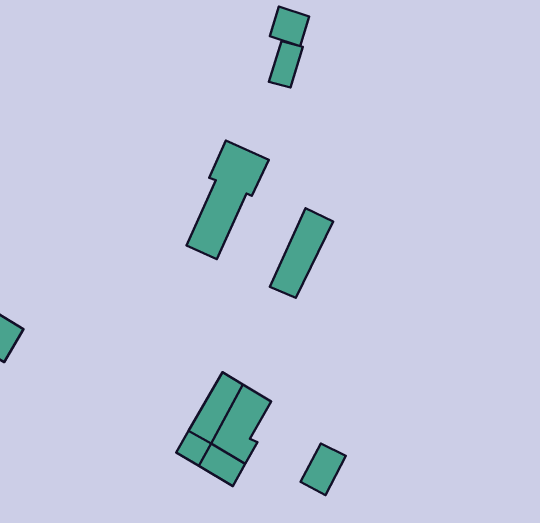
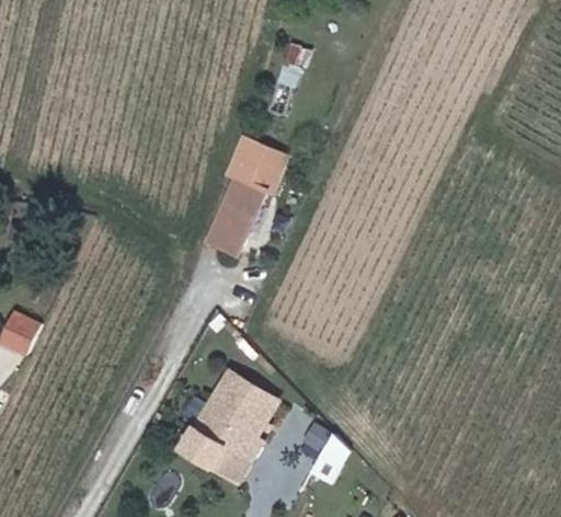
building: [270,7,309,46] -> none
building: [270,208,333,298] -> none

